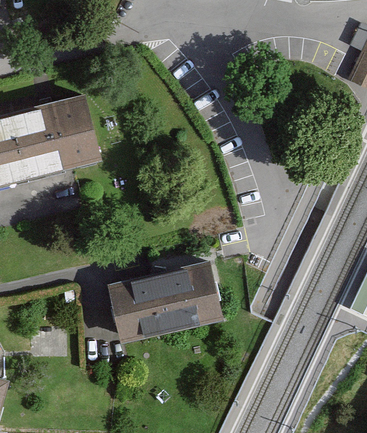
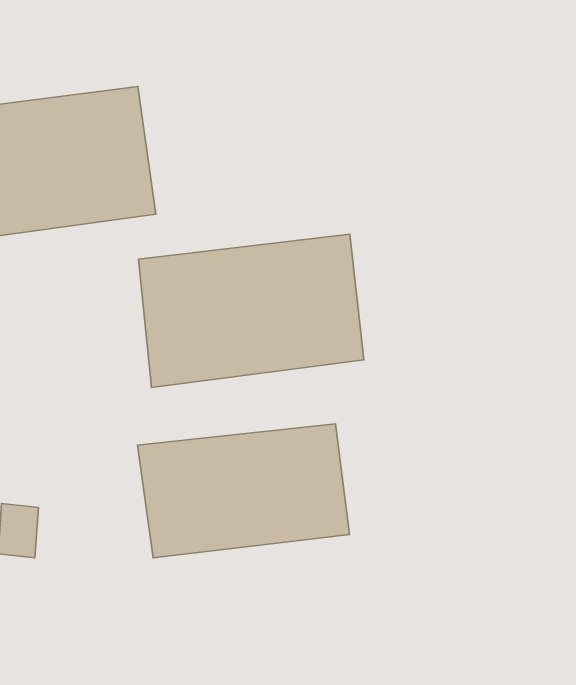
building: none -> [139,234,364,388]

